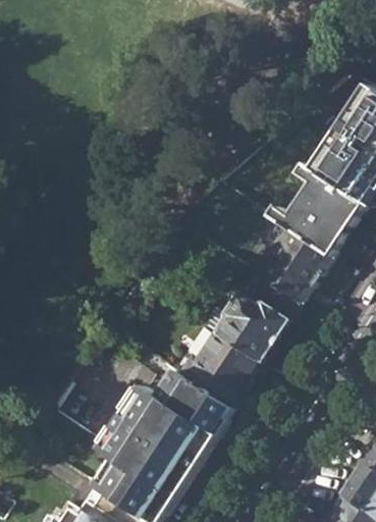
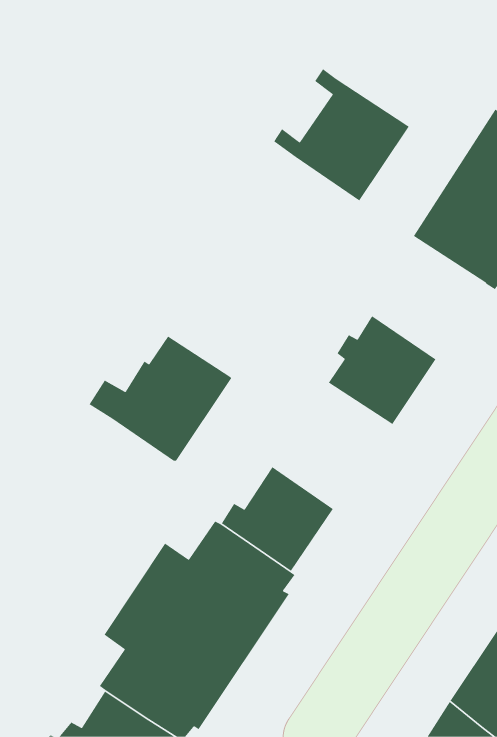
building: [270,162,365,255] -> [273,68,409,202]
building: [200,271,300,359] -> [89,336,232,462]

